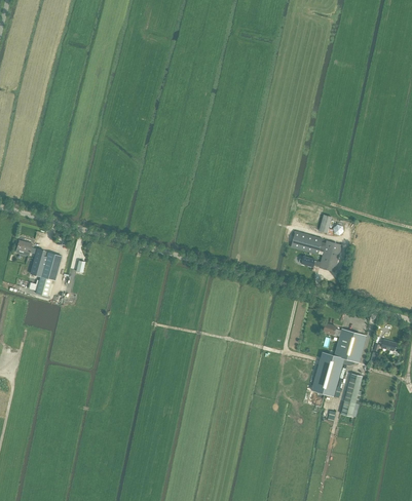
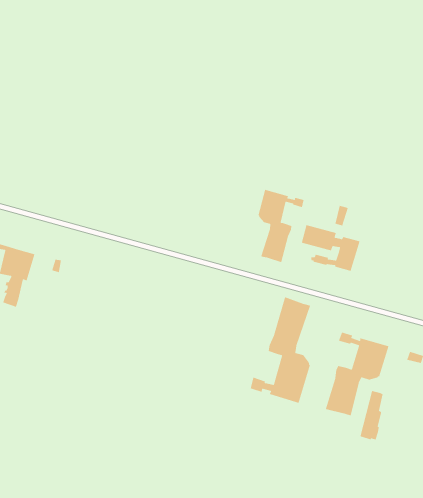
building: none -> [258,189,304,263]
building: none -> [250,296,311,404]

